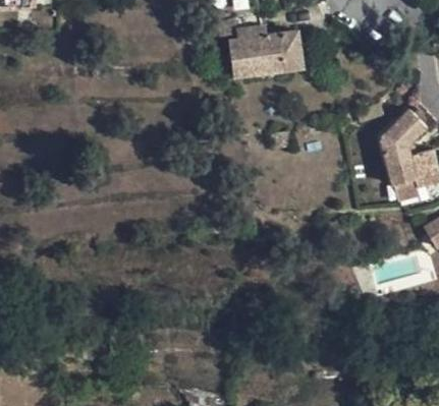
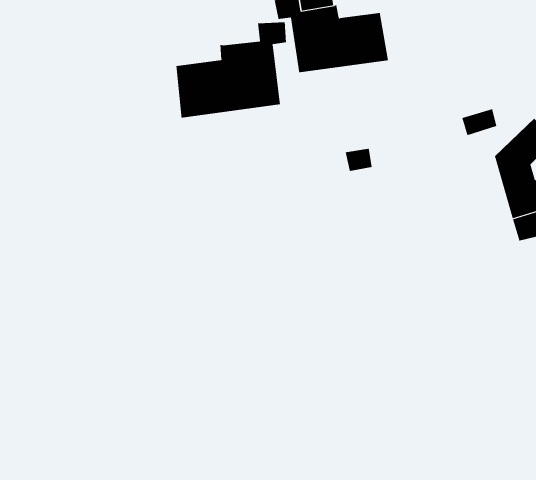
building: none -> [176,21,287,118]

